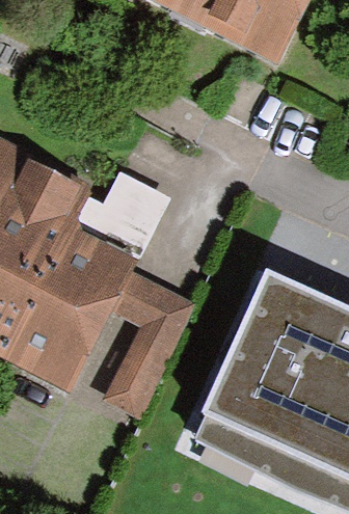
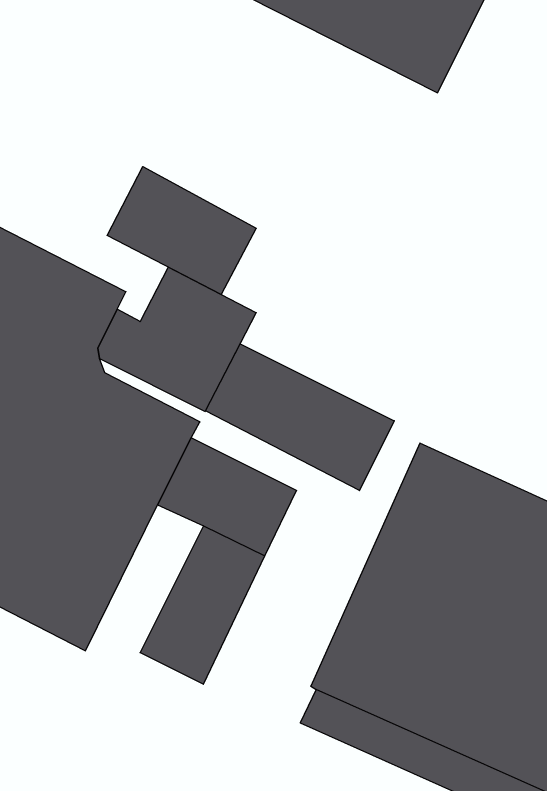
building: none -> [107,167,256,294]
building: none -> [206,344,394,491]

